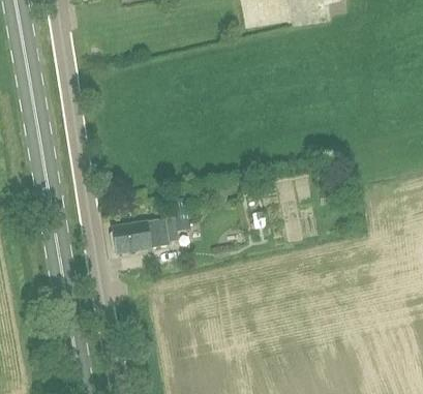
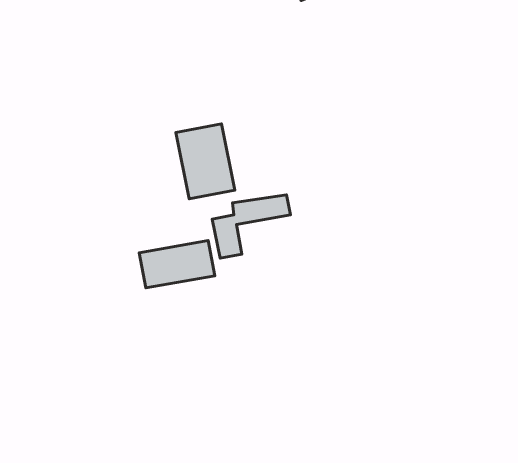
building: none -> [176,124,235,199]

